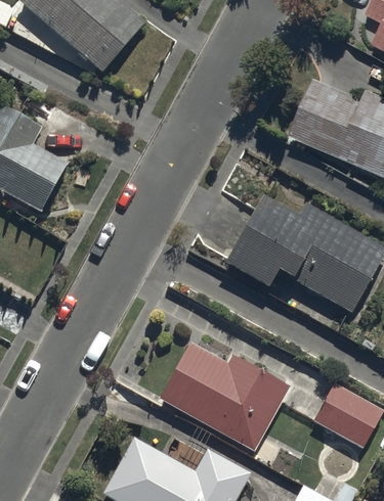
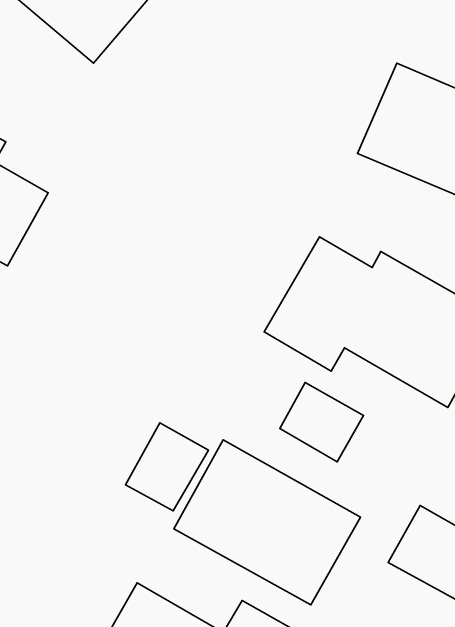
building: none -> [280,383,364,462]
building: none -> [126,423,208,511]

